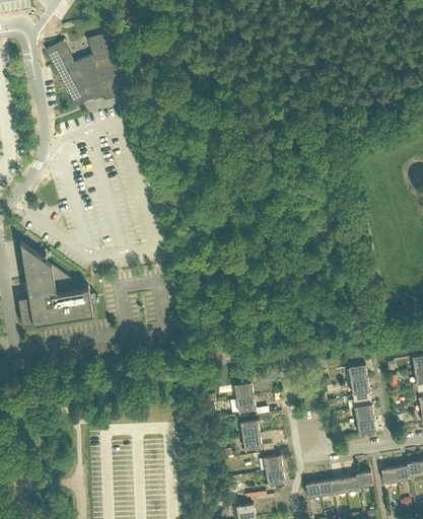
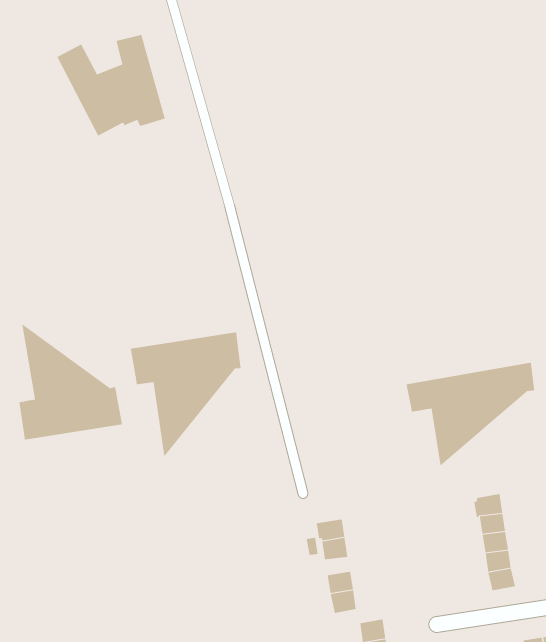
building: none -> [130,331,241,457]
building: none -> [406,362,535,467]

